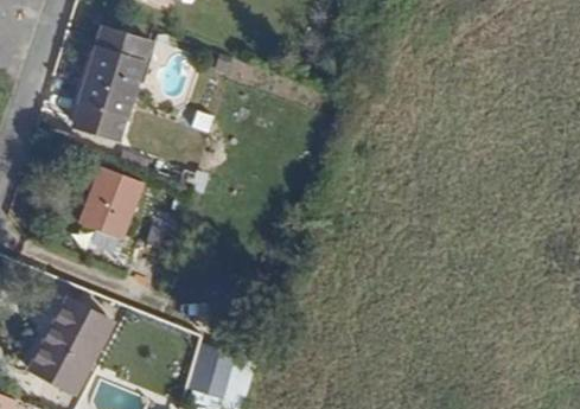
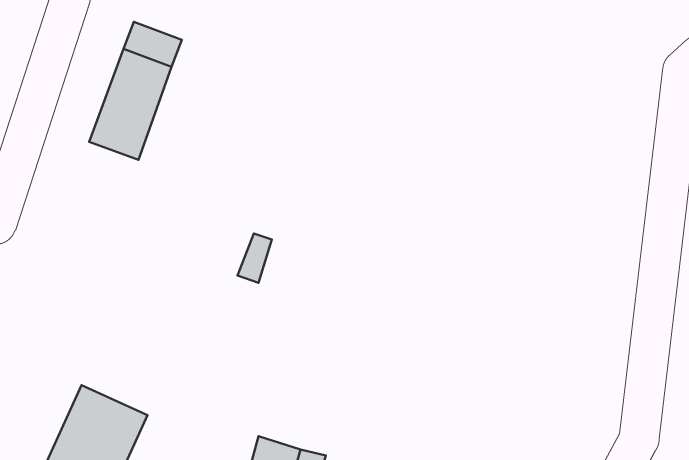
building: [77,167,144,247] -> none

